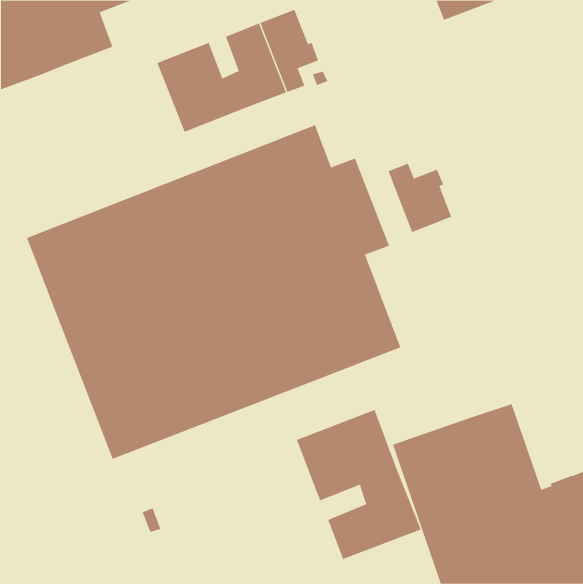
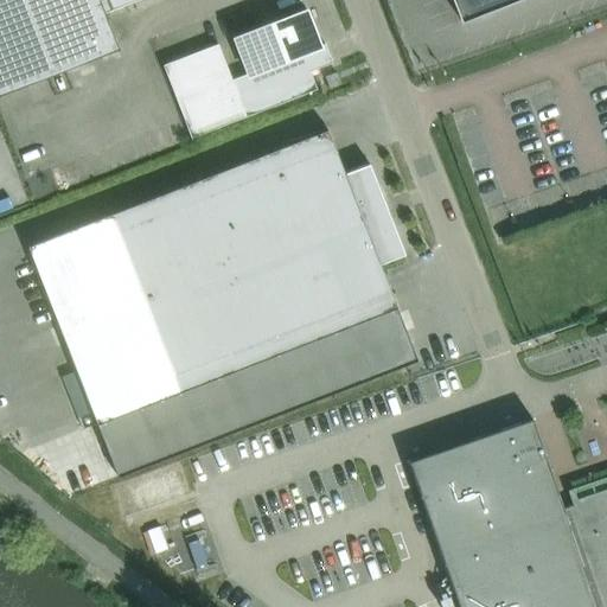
building: [388,163,452,233] -> none
building: [296,409,421,560] -> none

